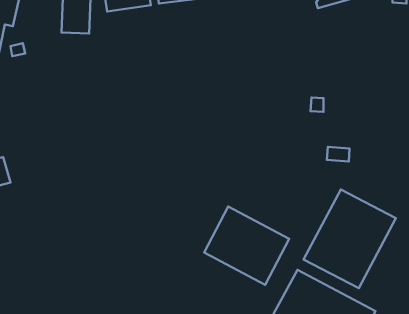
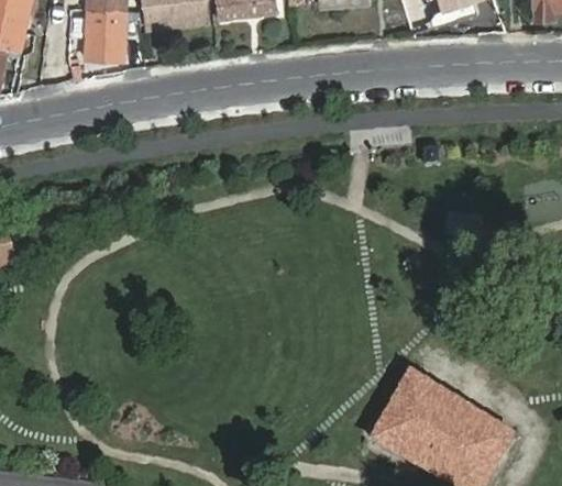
building: [303,189,396,288] -> none
building: [204,207,289,285] -> none

